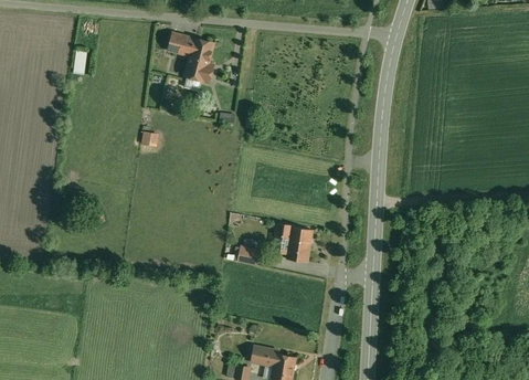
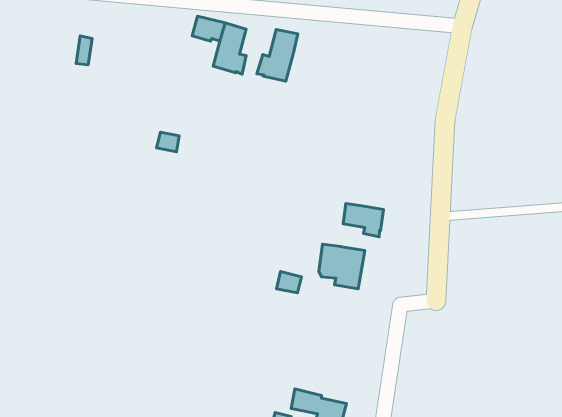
building: none -> [257,29,298,81]
building: none -> [343,204,384,237]

